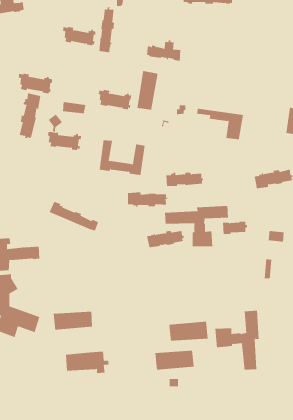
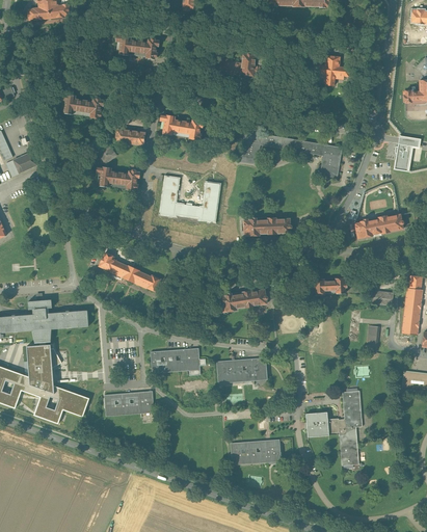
building: [99,7,114,53] -> none
building: none -> [314,55,348,84]
building: [137,70,158,111] -> none
building: [19,93,41,139] -> none
building: [127,192,168,207] -> none
building: [164,205,229,247] -> none
building: [168,321,208,341] -> [217,357,267,382]
building: [65,351,110,374] -> [151,347,206,375]

